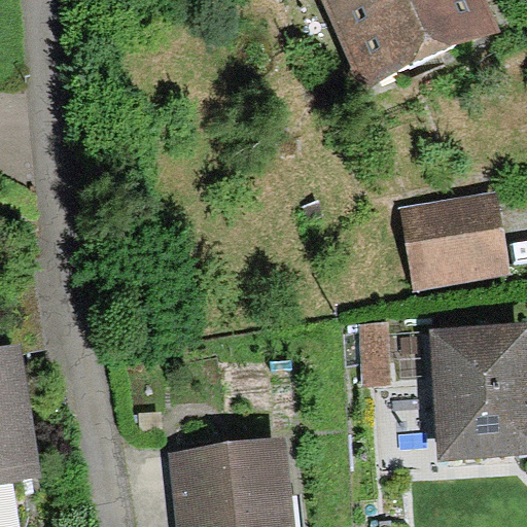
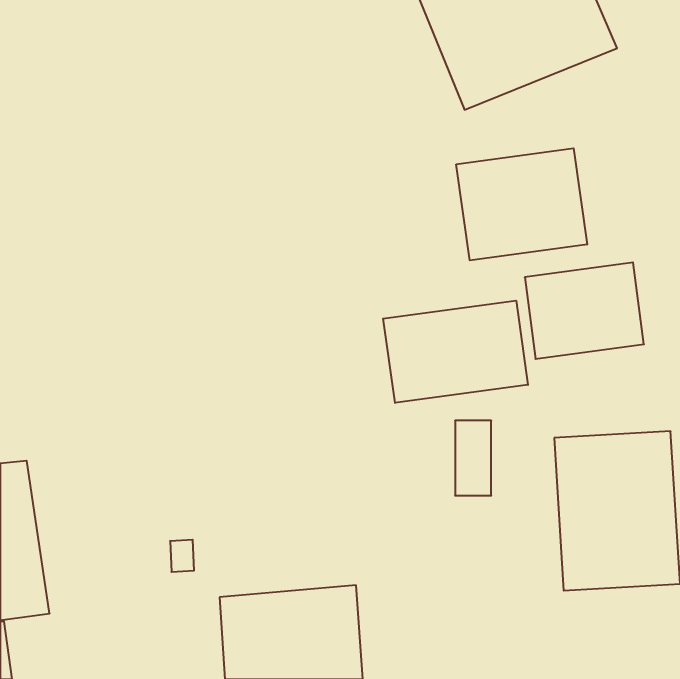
building: none -> [456,148,587,260]
building: none -> [383,301,528,403]

